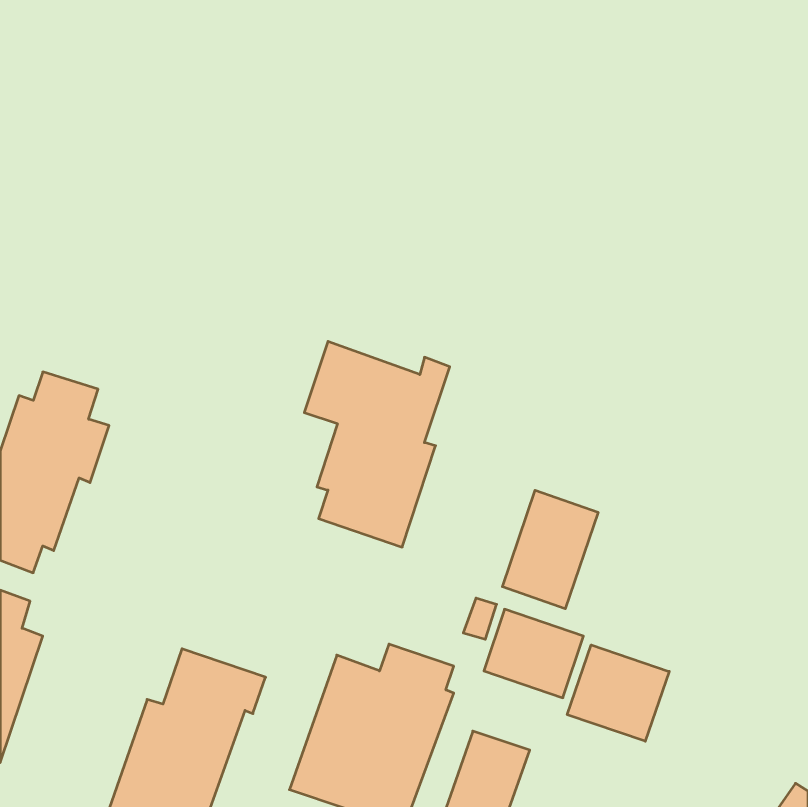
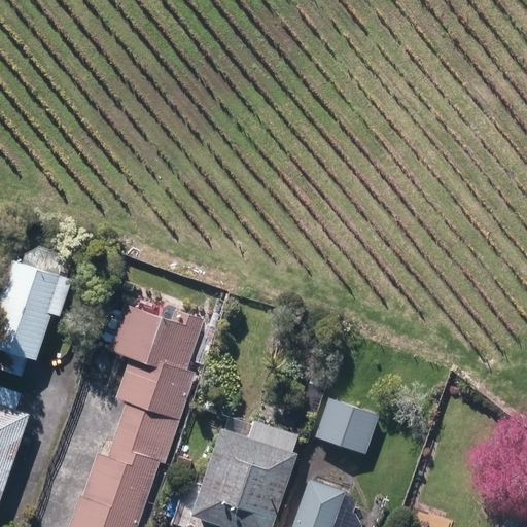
building: [304,341,450,547] -> [109,308,204,442]
building: [502,490,598,609] -> none
building: [567,645,669,741] -> none

